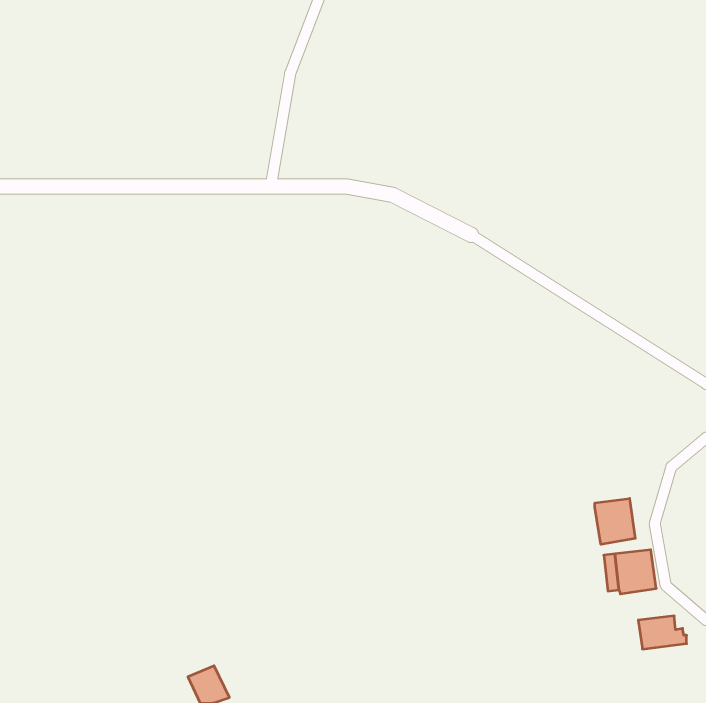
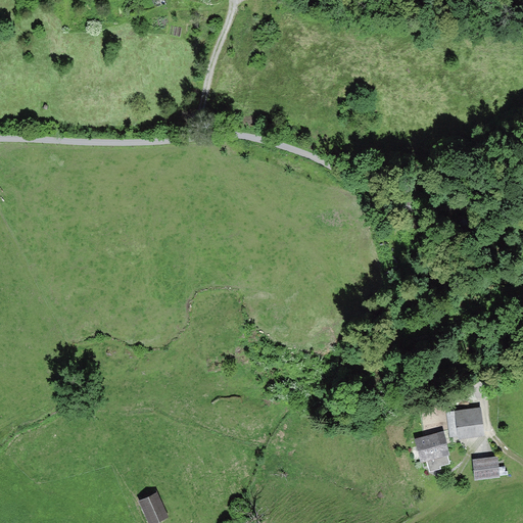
building: [595,498,635,544] -> none
building: none -> [414,431,449,463]

